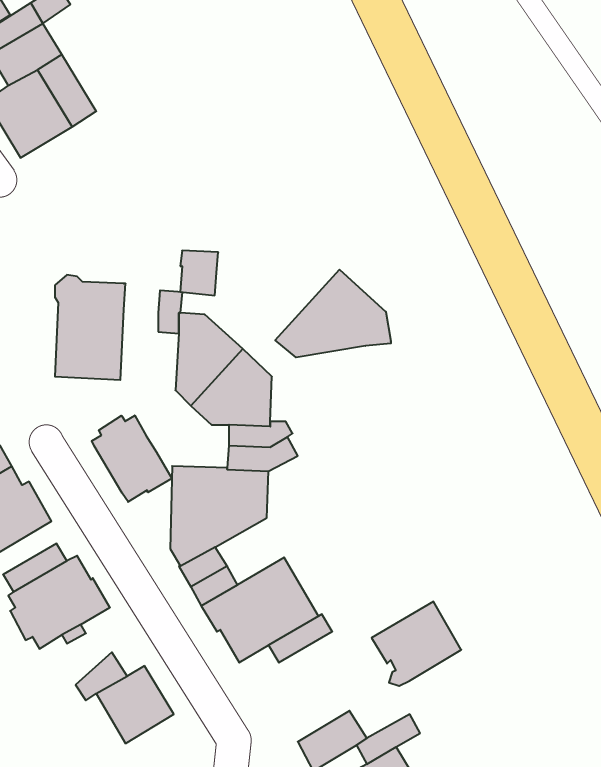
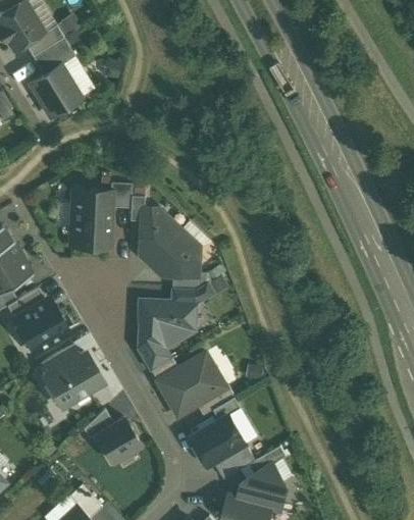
building: [180,251,218,295] -> [111,183,134,209]
building: [275,270,391,357] -> none
building: [92,415,172,502] -> none
building: [372,602,461,686] -> [192,416,245,466]

